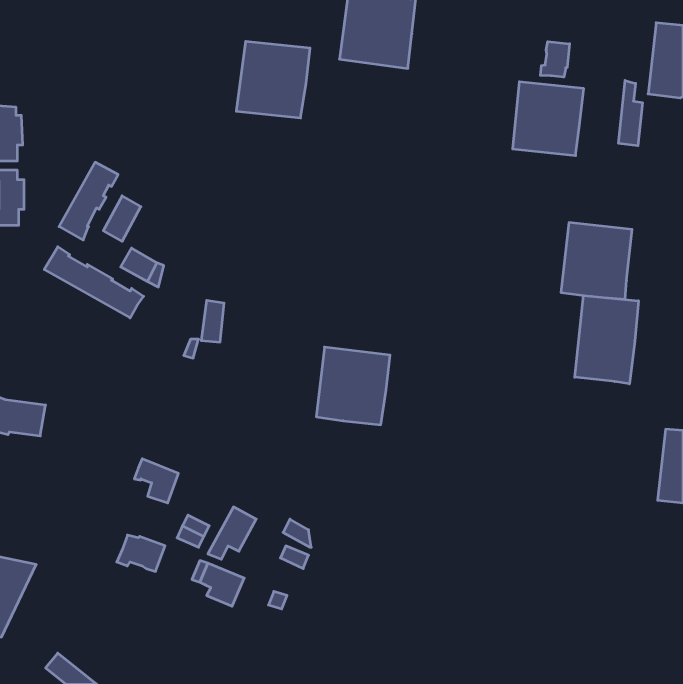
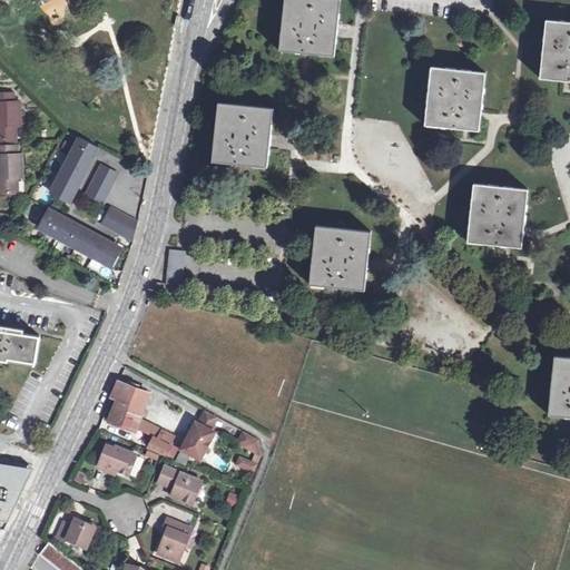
building: [236,41,310,118] -> [214,102,275,166]
building: [540,42,570,77] -> none
building: [619,80,642,146] -> none
building: [575,296,638,384] -> none
building: [316,347,390,425] -> [312,227,373,292]
building: none -> [109,397,139,431]
building: none -> [56,519,94,547]
building: none -> [159,519,191,562]

